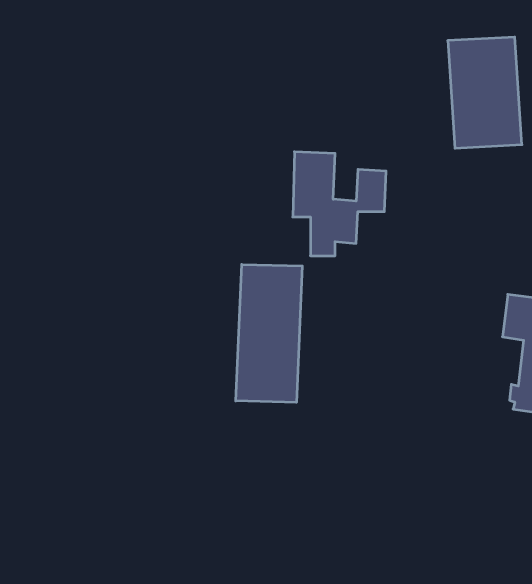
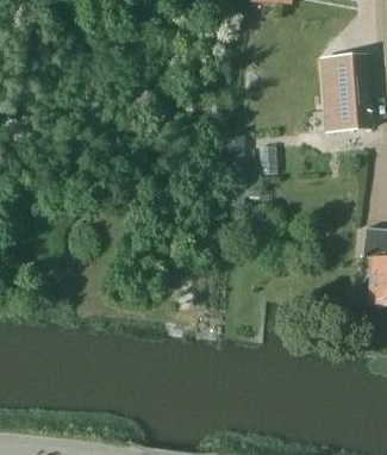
building: [236,264,302,402] -> none

